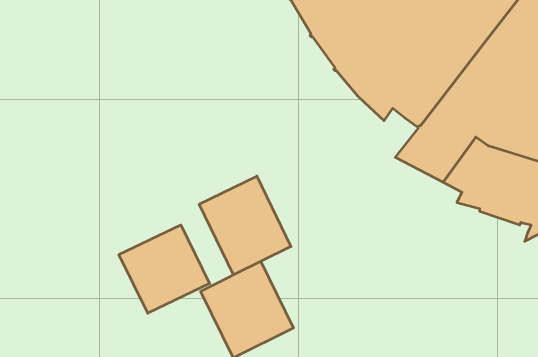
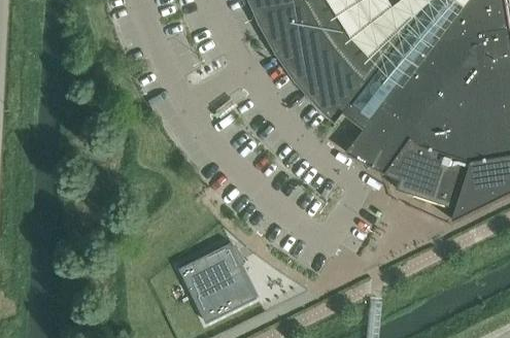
building: [199,176,291,275] -> none
building: [119,225,210,313] -> none

